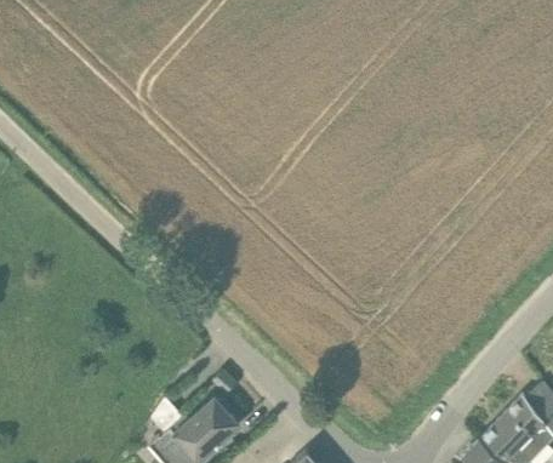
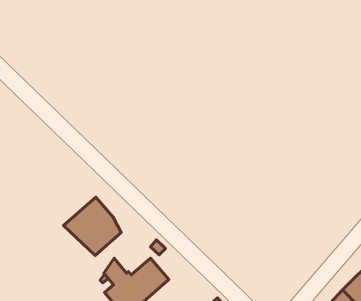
building: none -> [64,197,121,255]

